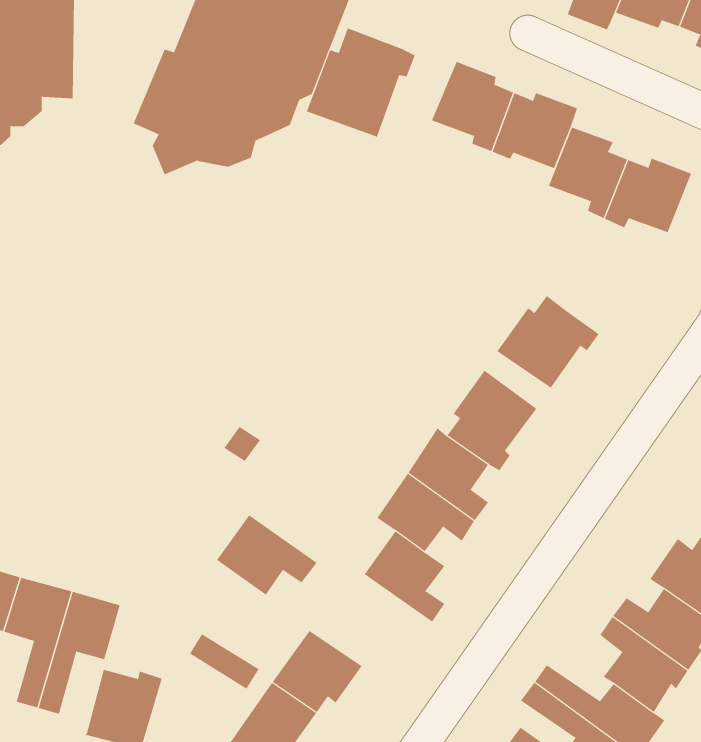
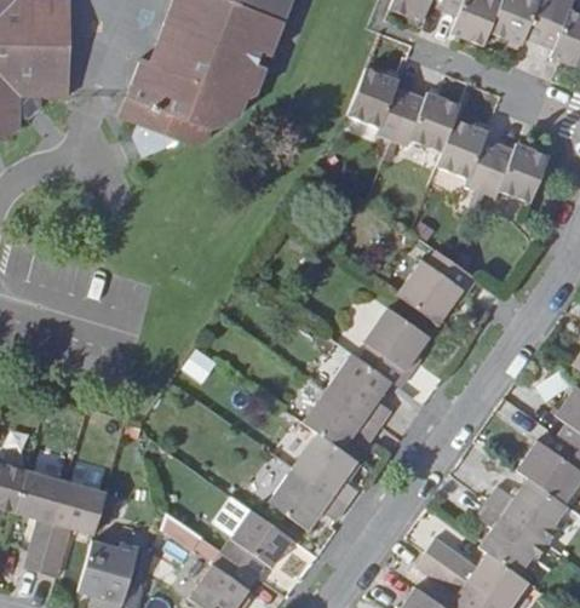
building: [306,27,415,137] -> none
building: [216,515,318,596] -> [269,468,348,530]

